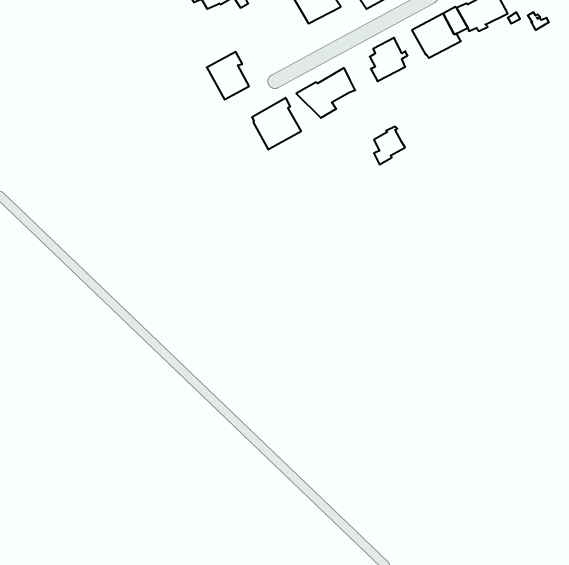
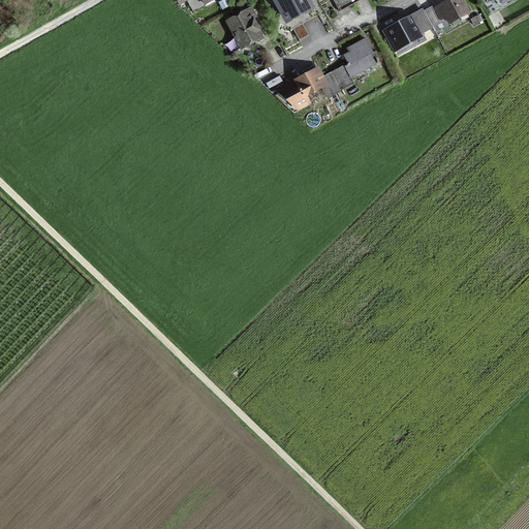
building: [207,52,249,100] -> [225,4,264,49]
building: [252,98,301,150] -> none
building: [374,127,405,164] -> [324,61,353,96]

